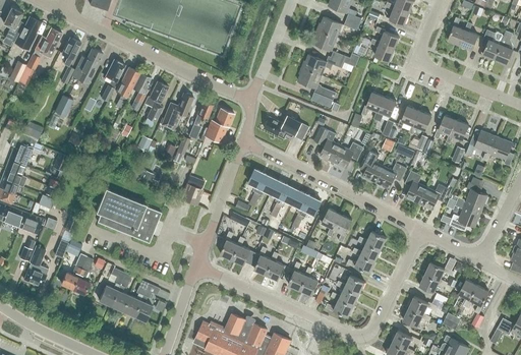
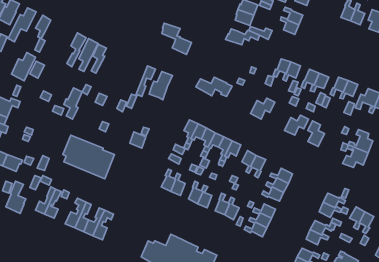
building: [72,48,103,83] -> [11,52,36,81]
building: [298,67,336,107] -> [162,23,191,54]
building: [144,81,168,121] -> [64,88,82,119]
building: [162,93,193,129] -> none
building: [314,126,341,161] -> none
building: [359,149,384,182] -> none
building: [418,183,449,209] -> none

